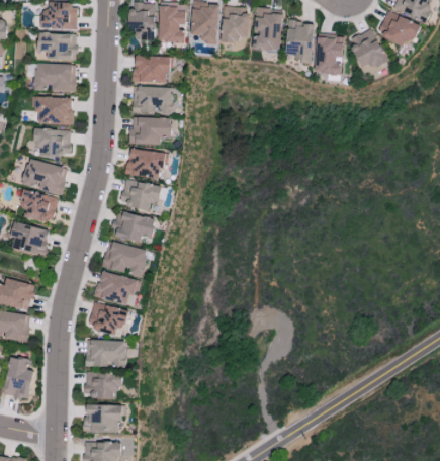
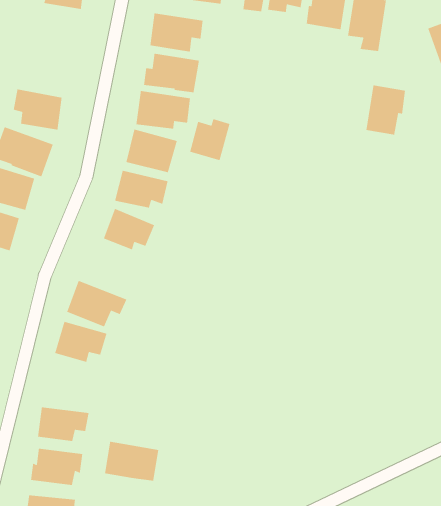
building: [316,37,343,75] -> [366,85,406,136]
building: [34,63,77,92] -> none
building: [34,97,73,124] -> none
building: none -> [189,118,231,161]
building: [103,241,149,277] -> none
building: [87,340,127,367] -> [104,441,159,481]

